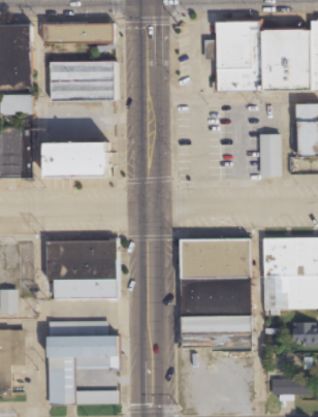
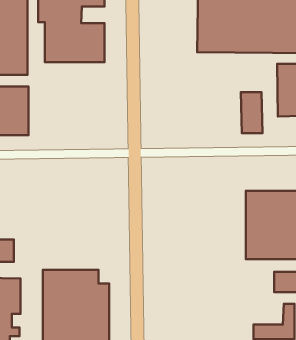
building: [43,142,108,178] -> none
building: [180,238,250,350] -> none
building: [45,240,117,299] -> none

